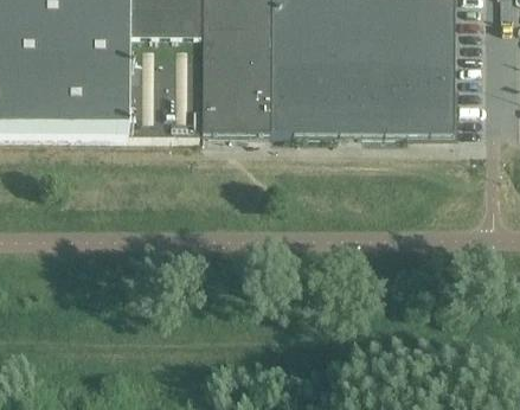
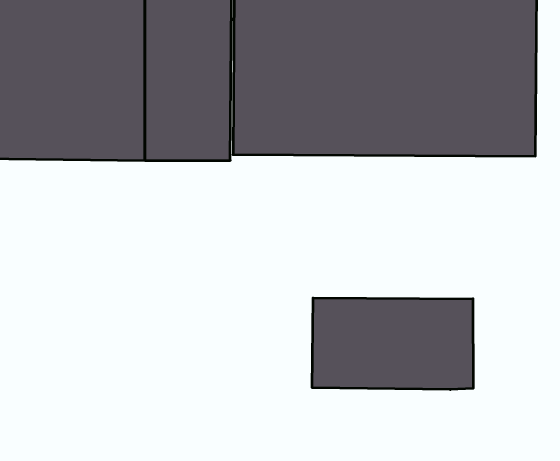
building: none -> [312,298,473,390]

